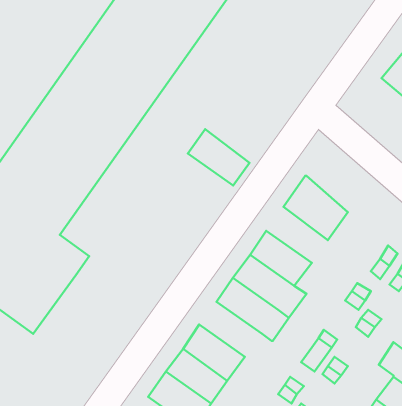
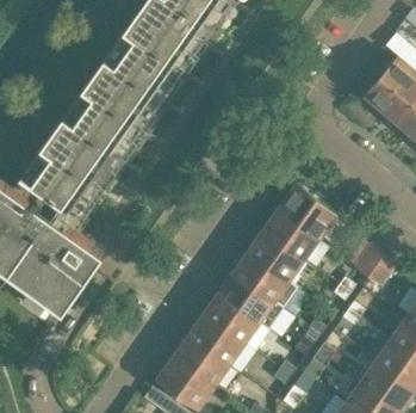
building: [188,129,249,186] -> [262,210,317,260]
building: none -> [203,295,259,344]

